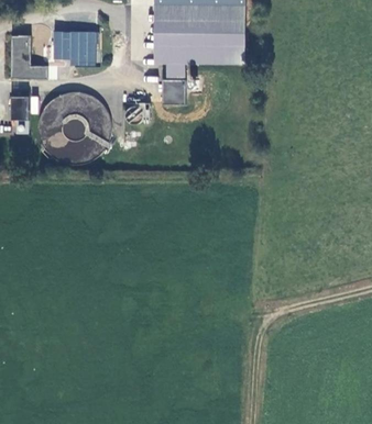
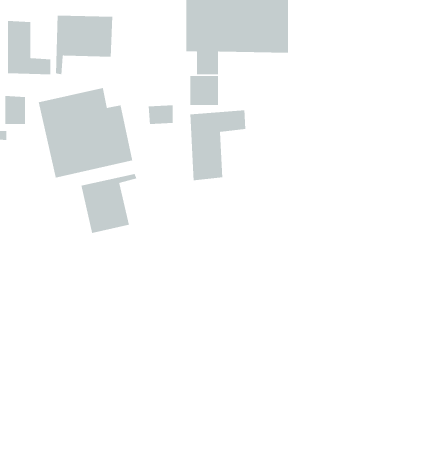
building: none -> [189,109,246,181]
building: none -> [80,173,137,234]

